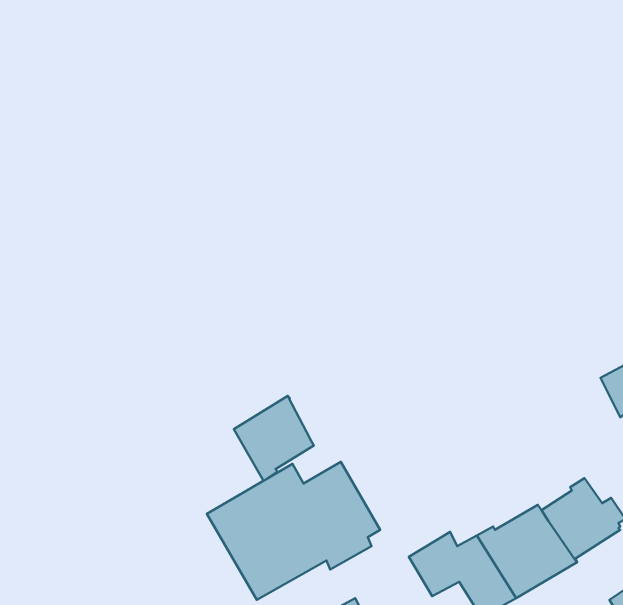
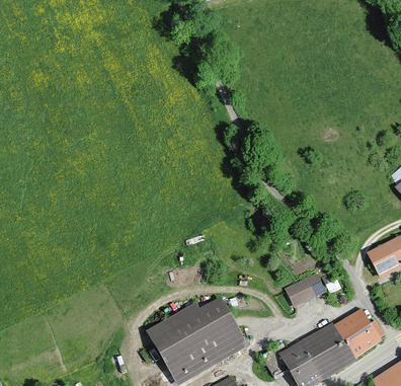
building: [234,396,314,481] -> none
building: none -> [288,276,322,303]

